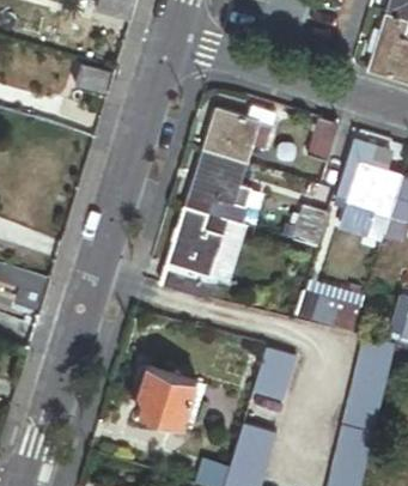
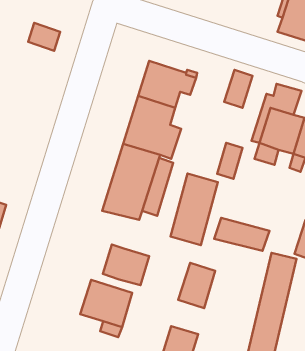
building: none -> [170,174,218,245]
building: none -> [103,244,149,285]

